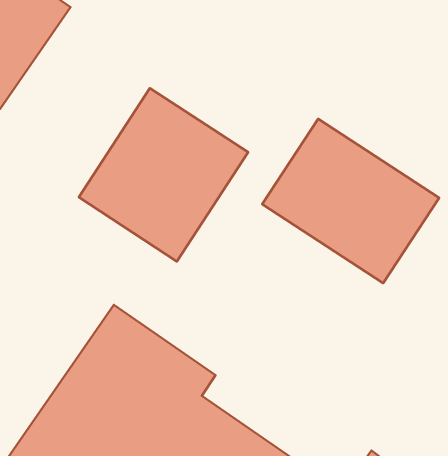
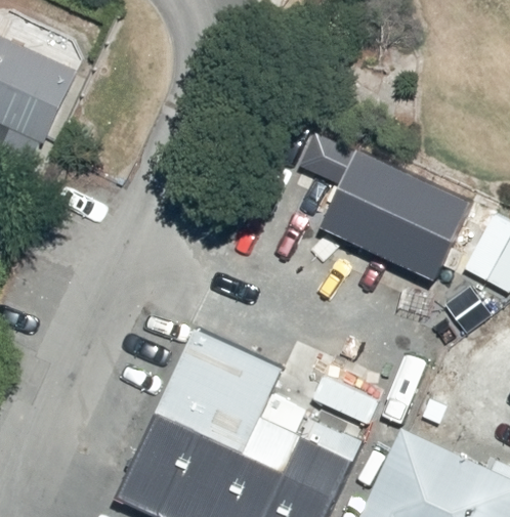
building: [79,88,248,261] -> none

